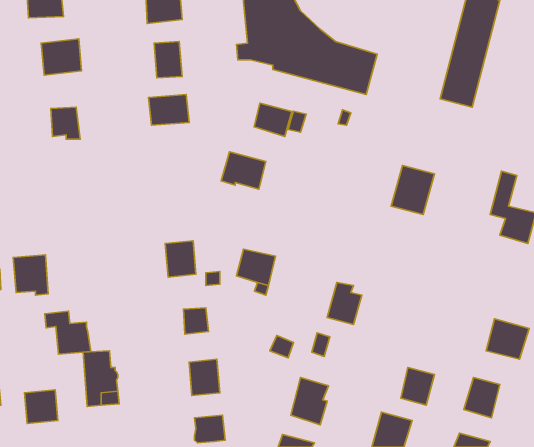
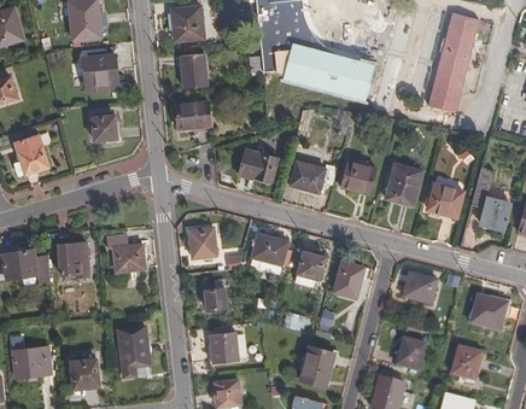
building: [254,103,292,137] -> [293,160,326,189]
building: none -> [340,160,376,193]
building: none -> [429,183,464,216]
building: none -> [292,252,322,286]
building: none -> [401,273,433,303]
building: [45,311,91,354] -> [104,233,144,270]

